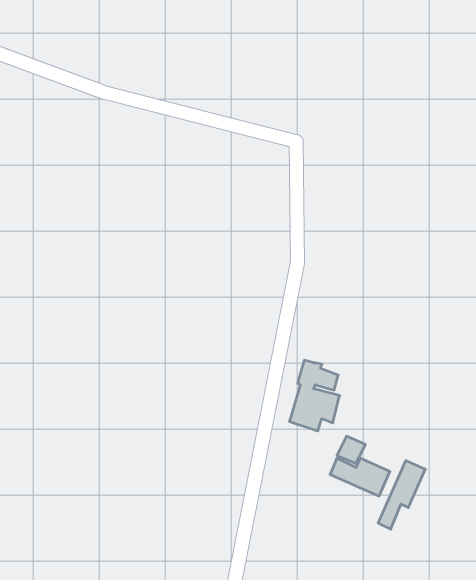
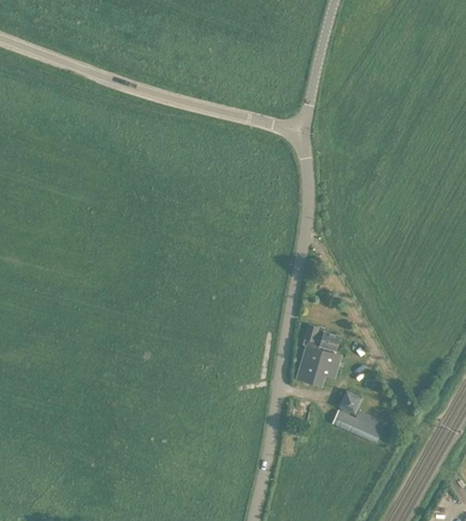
building: [378,461,425,529] -> none

